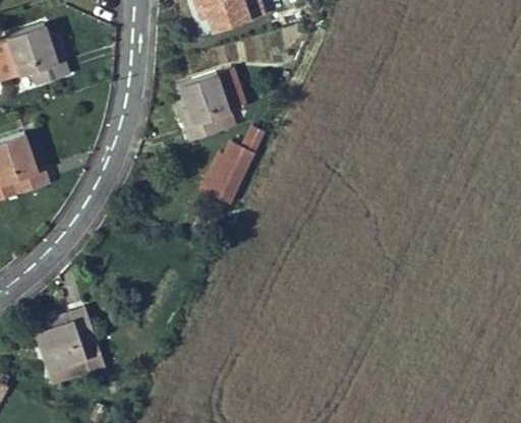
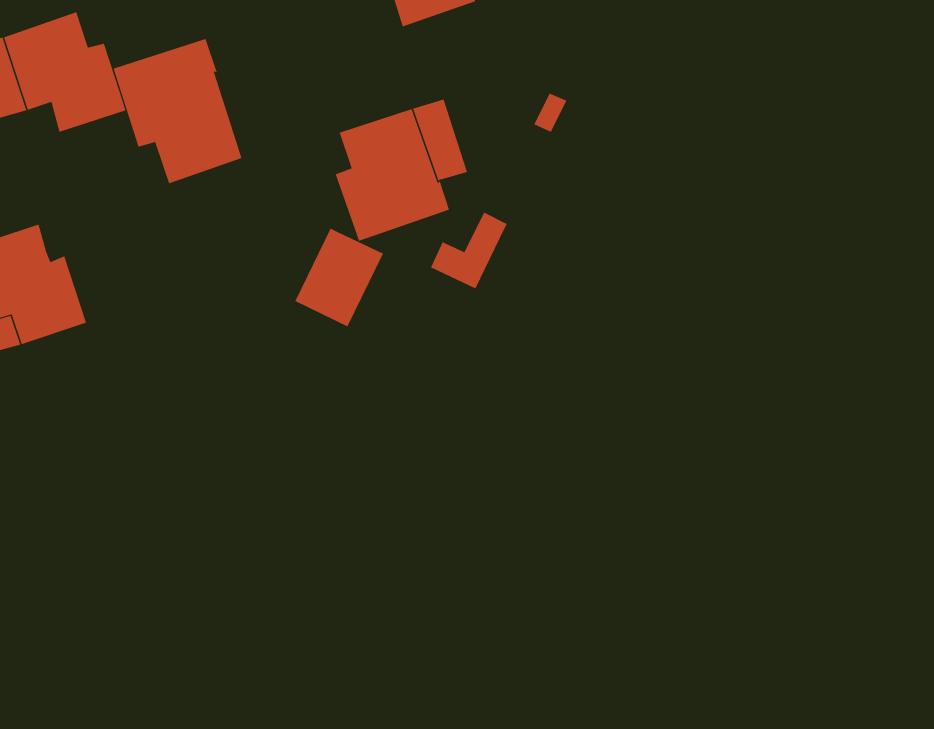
building: none -> [113,38,242,184]
building: [202,152,248,202] -> [294,228,384,327]
building: [35,306,105,381] -> none

